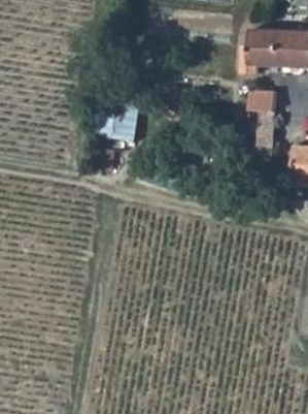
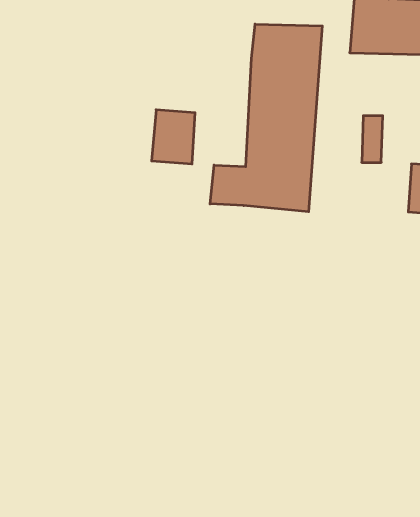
building: none -> [210,24,322,212]

